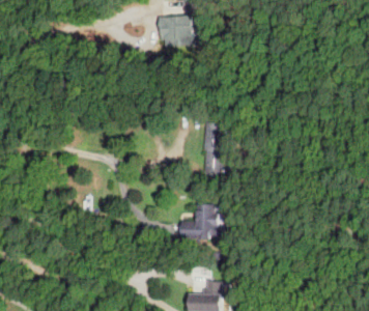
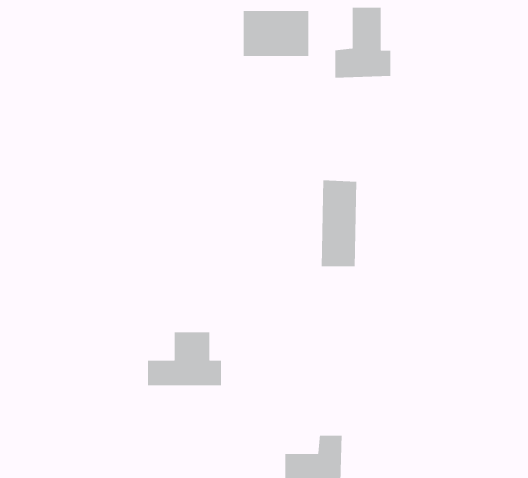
building: none -> [335,7,391,79]
building: [178,204,225,238] -> [147,332,222,386]

